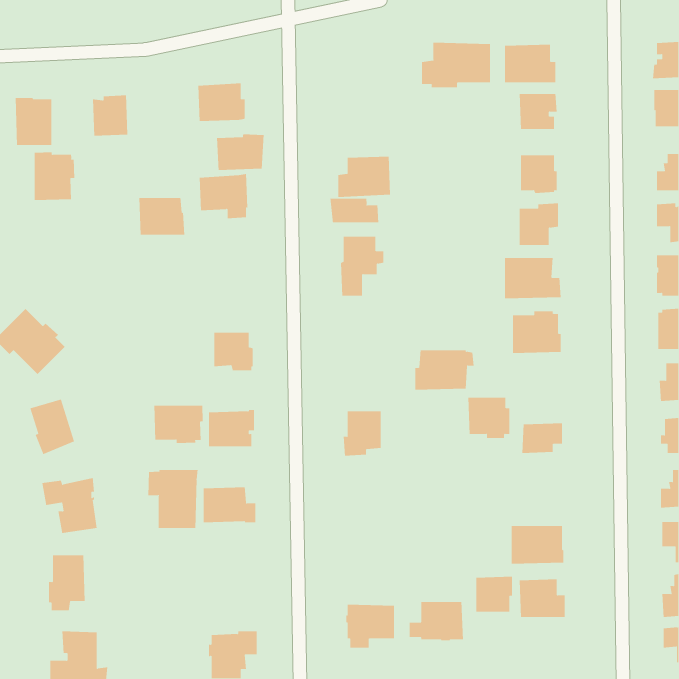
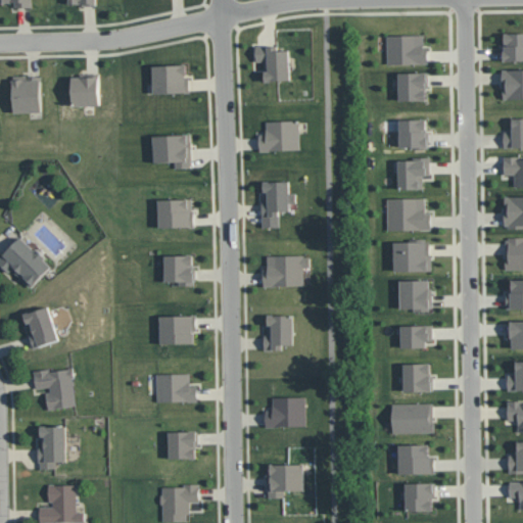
building: [421,42,490,88] -> none
building: none -> [254,47,289,82]
building: [216,134,264,171] -> none
building: [34,152,75,201] -> none
building: [139,198,185,235] -> [157,200,193,229]
building: [330,198,379,223] -> none
building: [414,350,474,390] -> [263,256,308,287]
building: [468,397,510,438] -> [398,281,431,313]
building: [154,405,203,444] -> none
building: [148,469,198,529] -> none
building: none -> [402,365,432,392]
building: none -> [265,398,304,427]
building: none -> [168,432,196,460]
building: [475,576,513,612] -> [405,484,433,512]
building: [409,601,464,641] -> none

